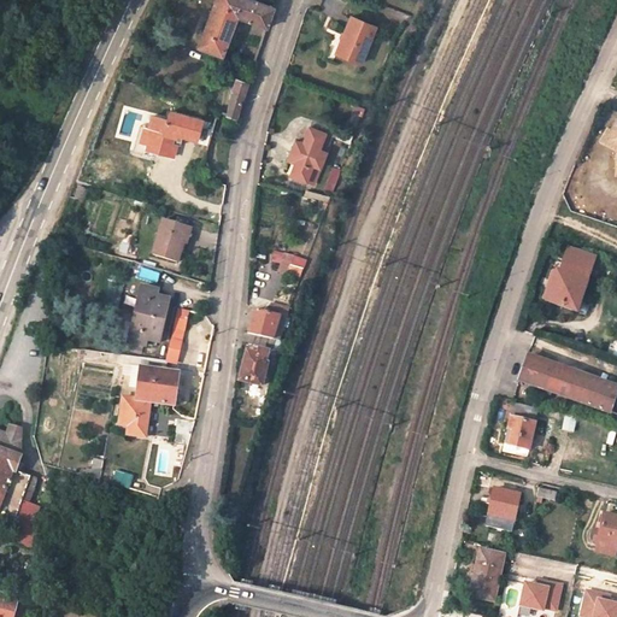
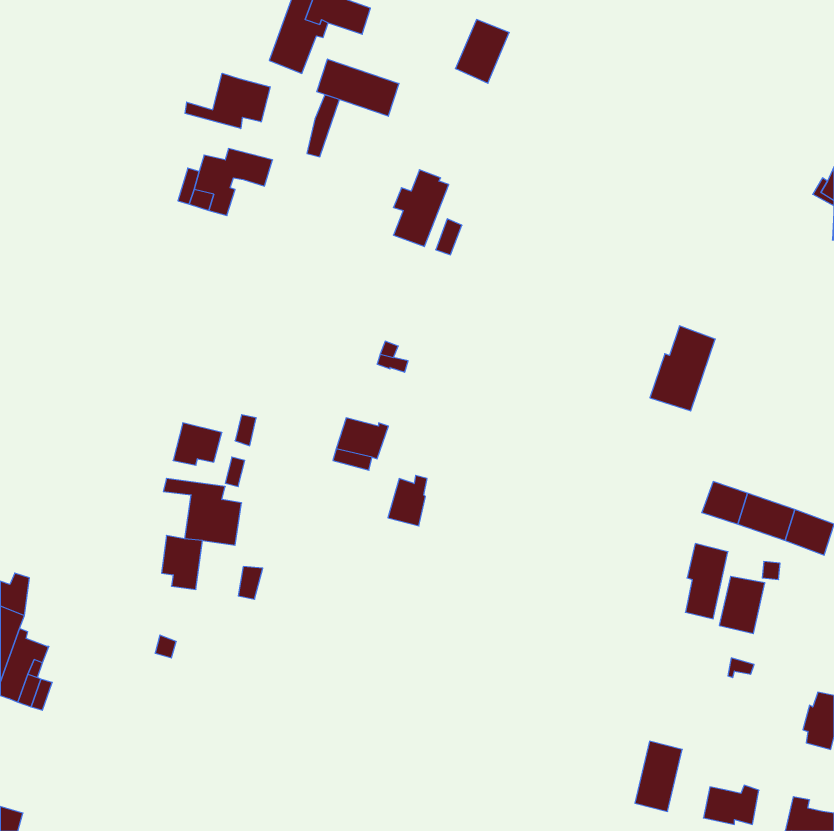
building: none -> [317,59,399,116]
building: none -> [185,73,270,129]
building: [152,218,188,259] -> none
building: [546,246,594,308] -> [650,326,715,411]
building: [135,284,169,319] -> none
building: [239,347,268,384] -> [388,475,427,526]
building: [486,487,519,529] -> [719,576,765,634]

